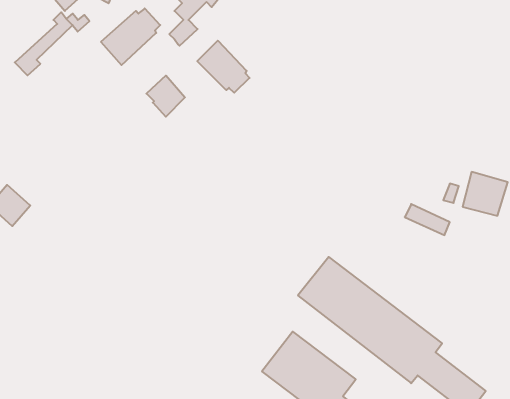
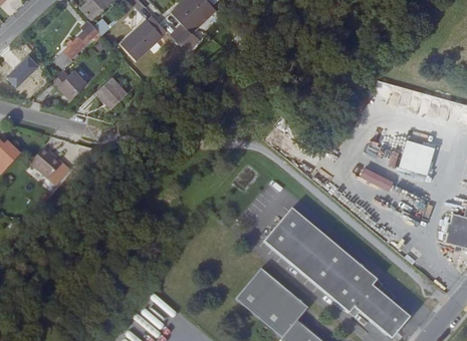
building: [197,41,250,93] -> none
building: none -> [49,70,85,100]
building: [146,76,185,117] -> [95,77,126,109]

